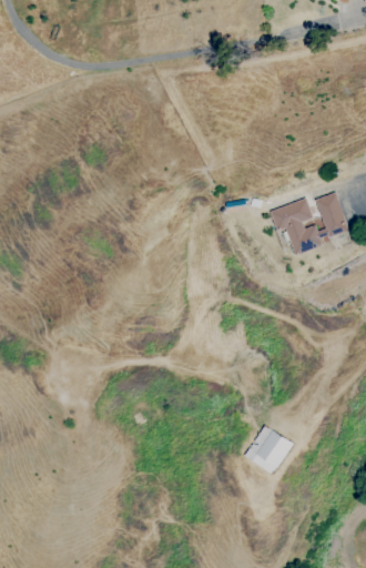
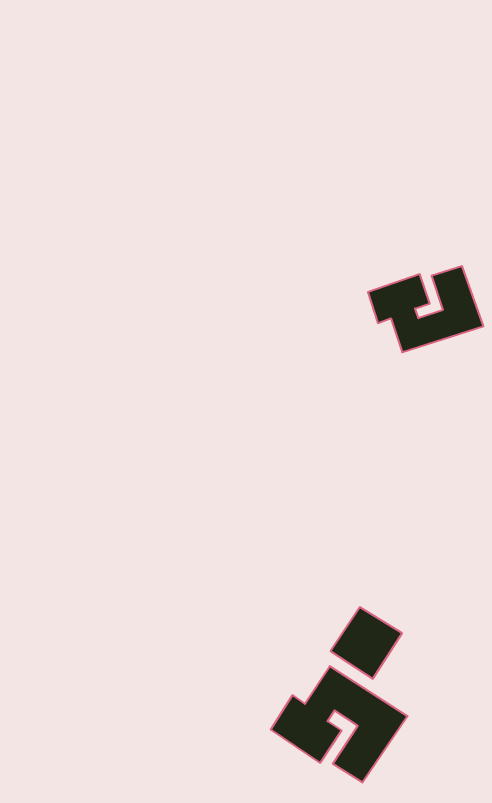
building: none -> [271,666,408,783]

